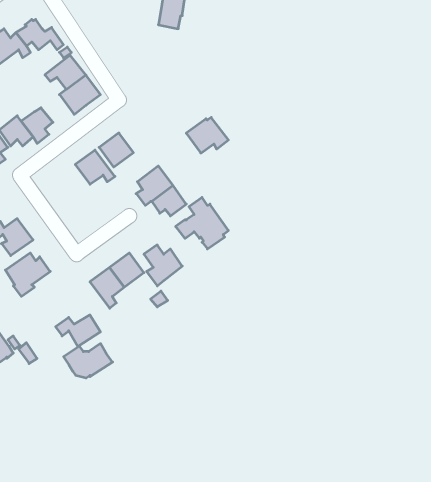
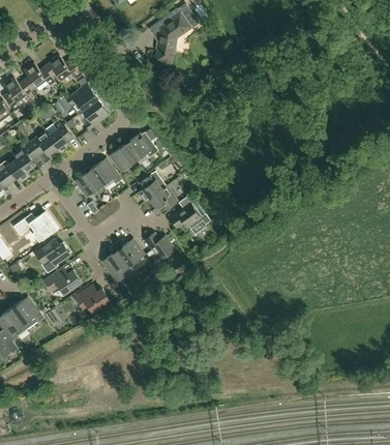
building: [186,117,228,153] -> [124,131,157,159]
building: none -> [74,168,102,196]
building: [64,344,113,378] -> [43,268,82,295]

